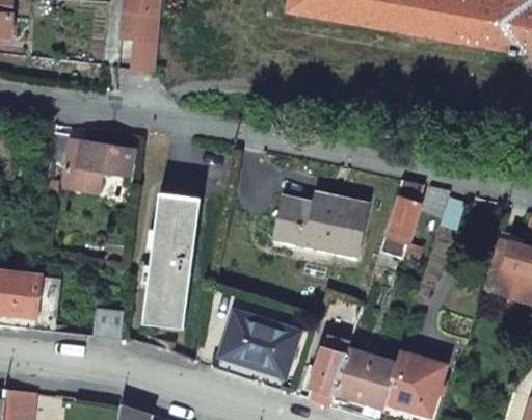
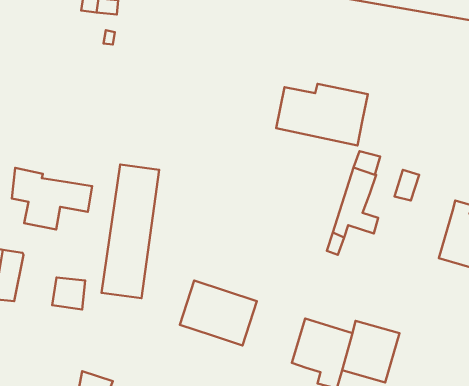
building: [53,132,134,194] -> [12,168,92,229]
building: [273,194,366,257] -> [276,84,368,146]
building: [310,339,349,408] -> none

